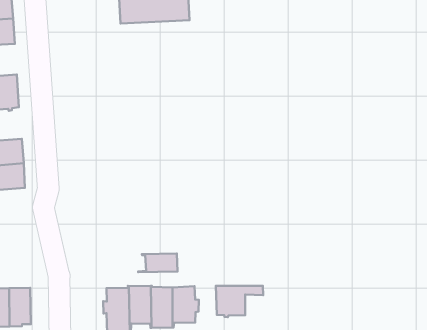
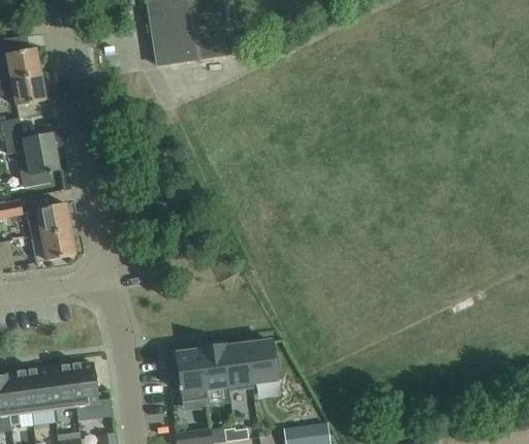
building: [138,254,177,272] -> none
building: [216,286,263,317] -> none

